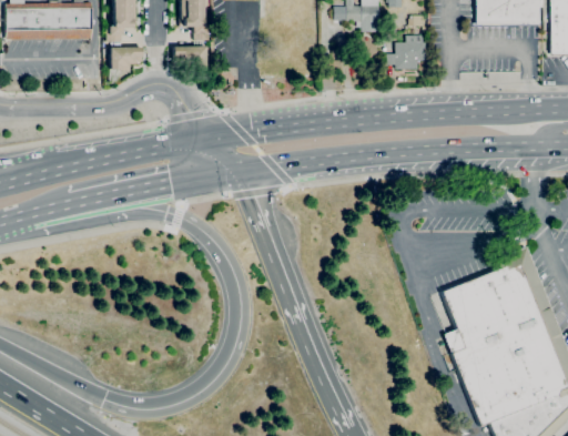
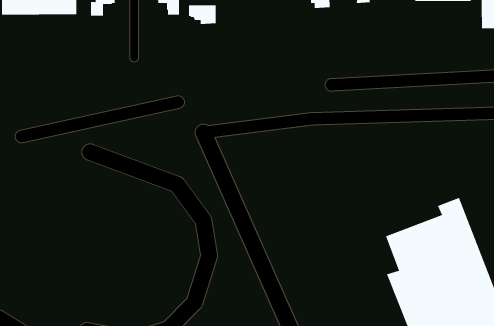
building: [387,36,427,69] -> none
building: [111,47,143,70] -> none
building: [174,47,206,69] -> [188,5,217,24]

